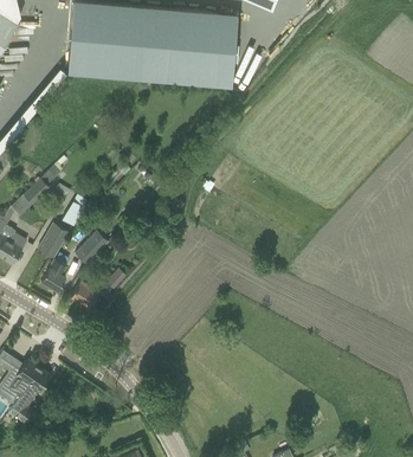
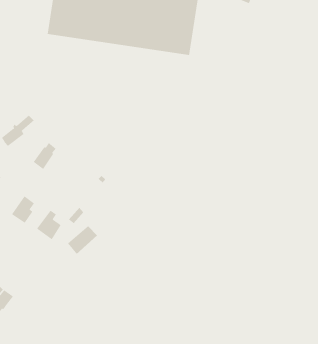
building: [38,221,67,257] -> none
building: [73,230,108,264] -> [67,225,98,255]

